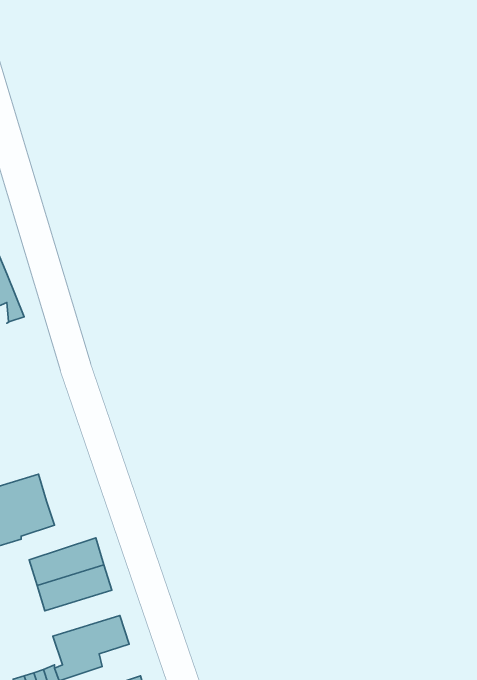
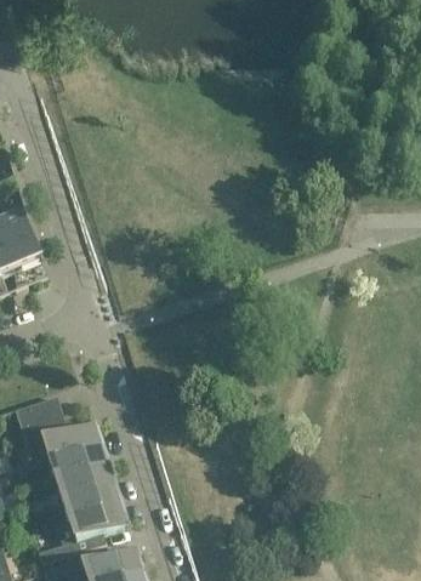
building: none -> [42,422,99,458]
building: none -> [61,482,118,517]

